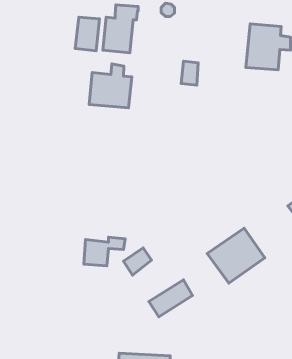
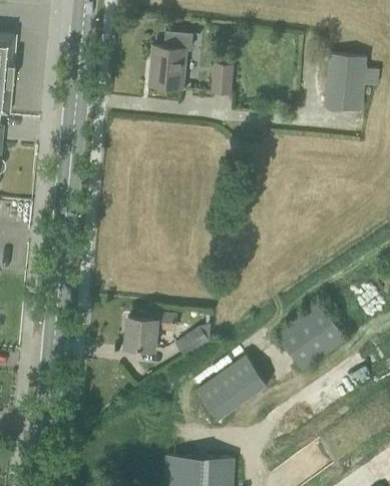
building: [75,17,99,51] -> none
building: [181,61,198,85] -> [211,64,232,93]
building: [89,64,132,108] -> none

